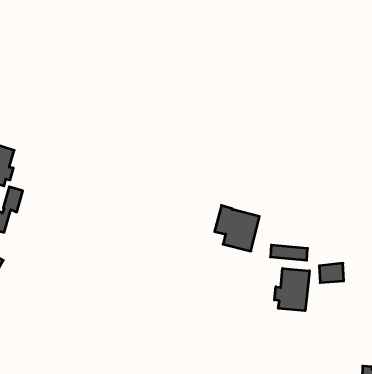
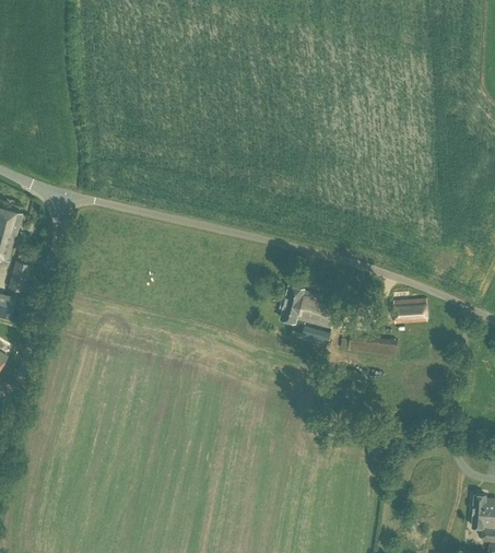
building: [319,263,344,283] -> [393,297,425,322]
building: [274,268,309,311] -> none

